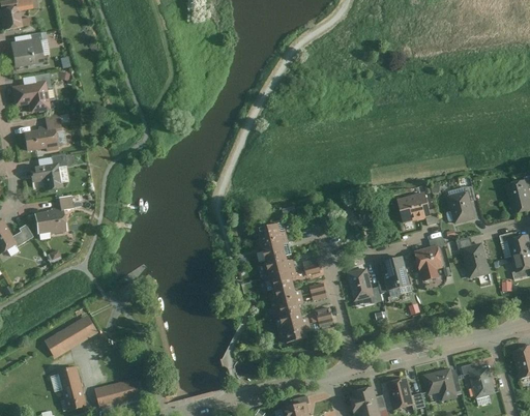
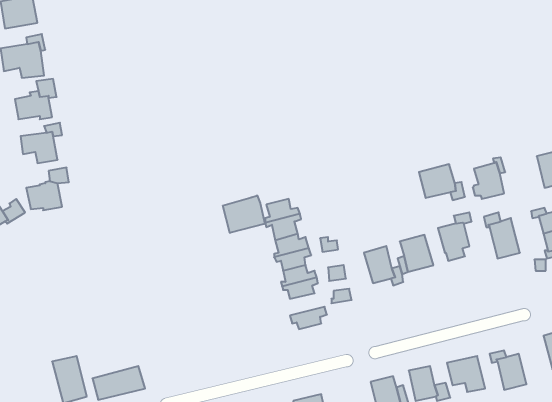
building: none -> [223,195,265,233]
building: [275,310,308,331] -> none
building: [43,315,99,360] -> none

